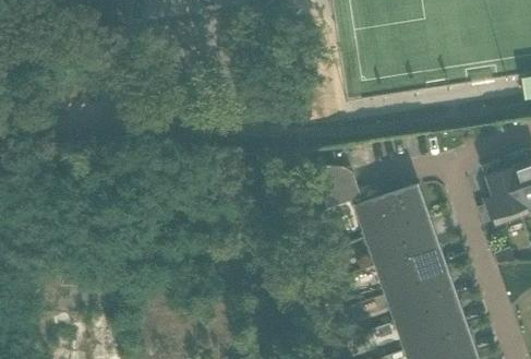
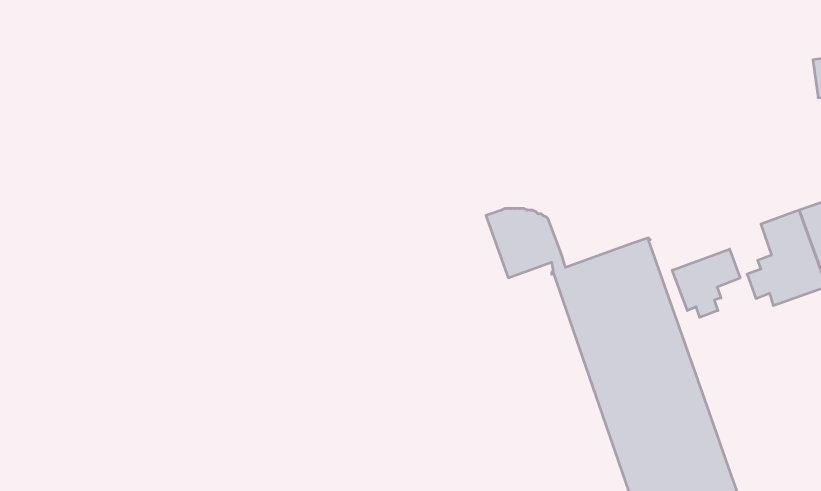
building: none -> [672,249,740,317]

